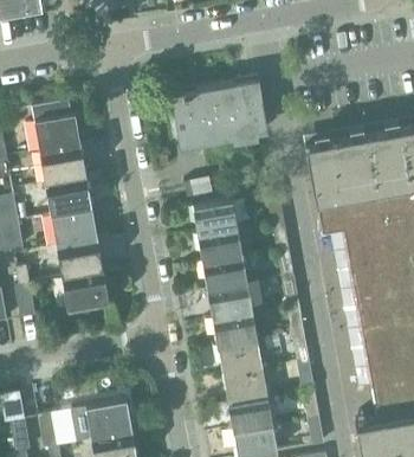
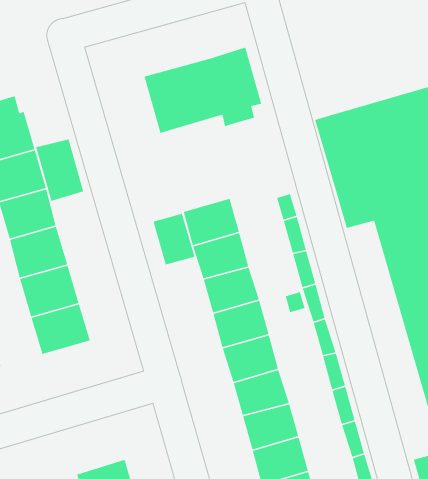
building: none -> [35,138,84,202]
building: none -> [152,213,195,266]

